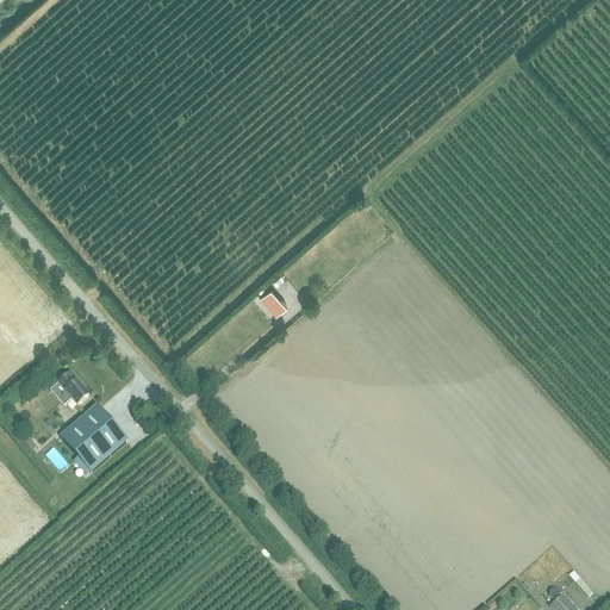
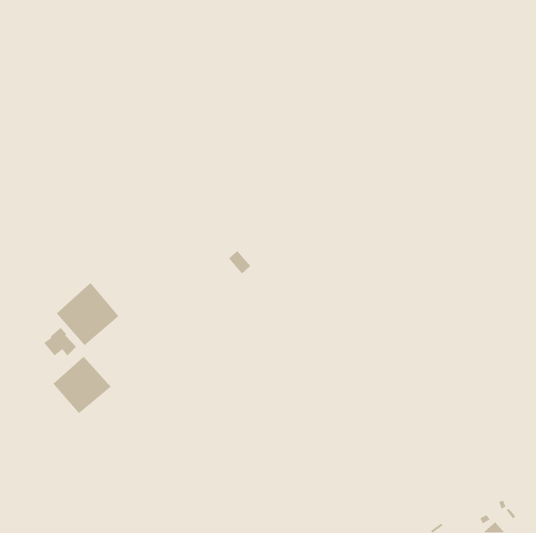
building: none -> [56,282,119,346]

